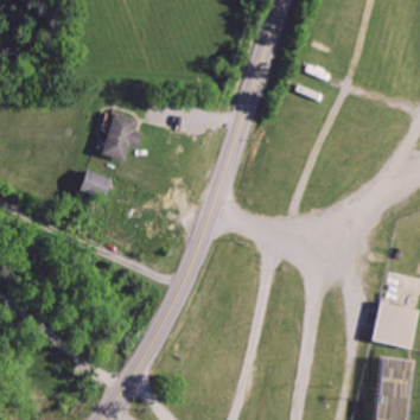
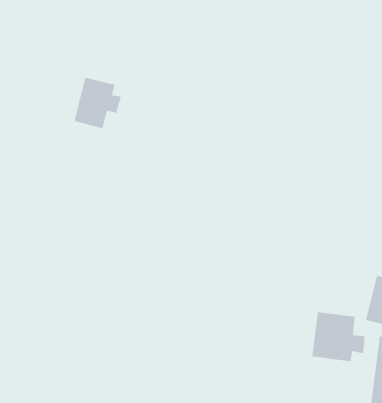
building: [77,166,114,199] -> none
building: none -> [312,311,366,362]

